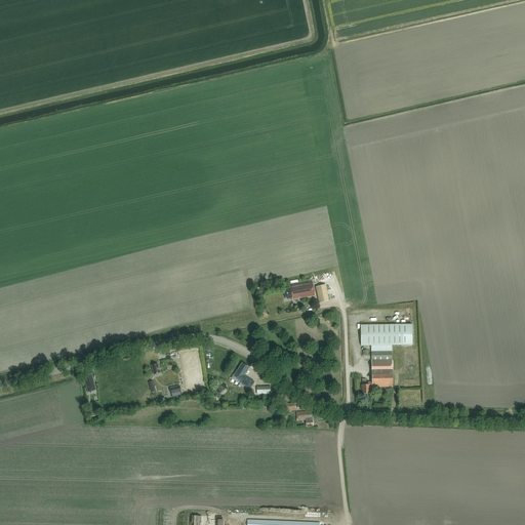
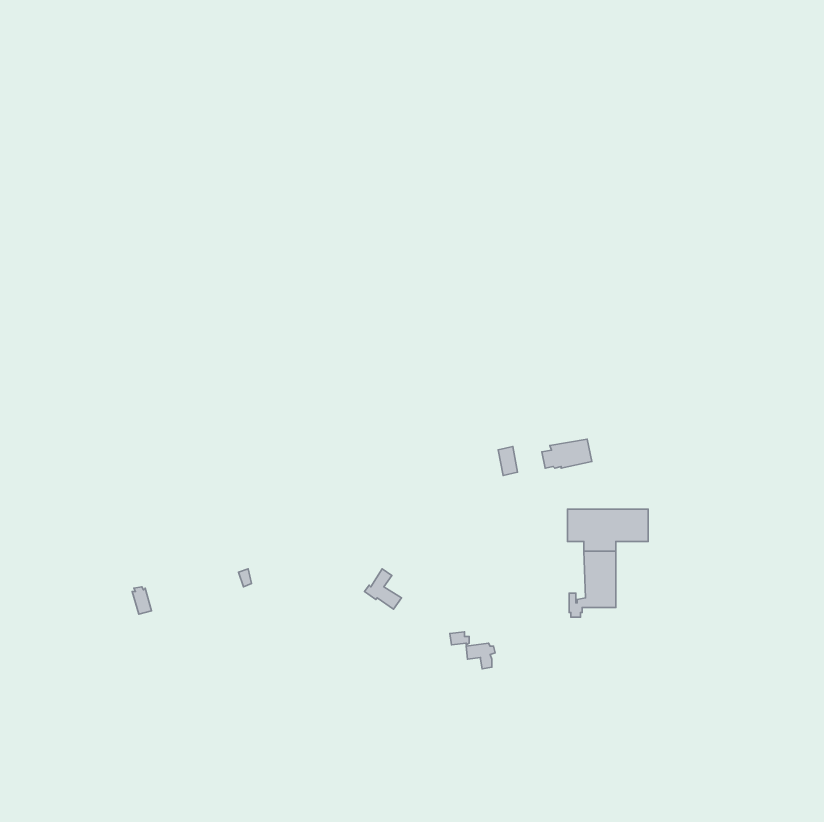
building: [284,280,316,298] -> [542,439,592,468]

